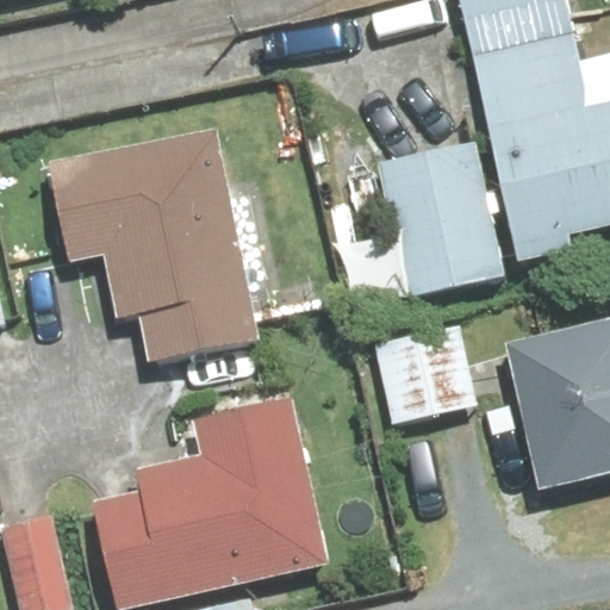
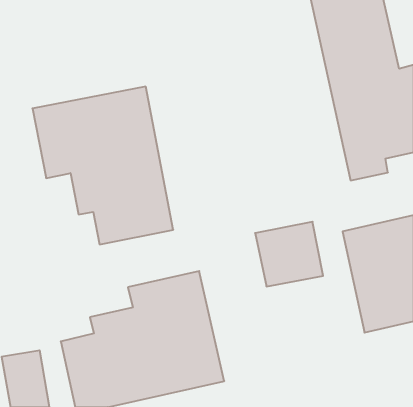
building: [378,145,505,298] -> none

